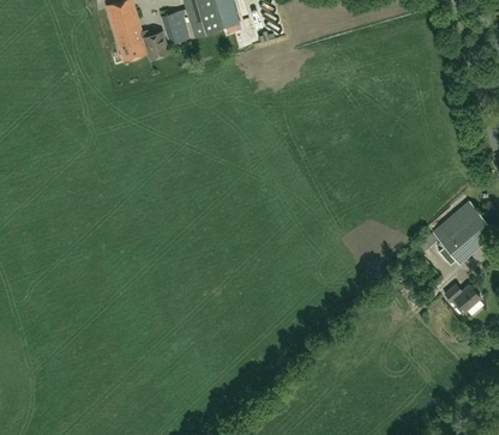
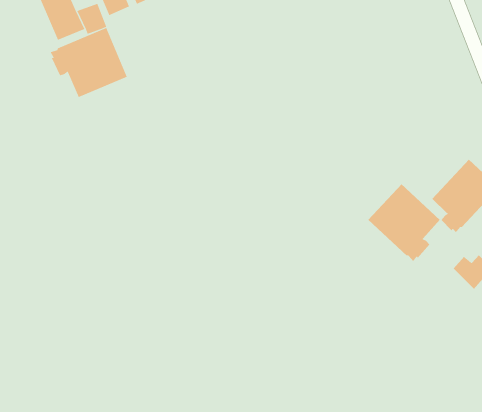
building: none -> [50,27,127,98]
building: none -> [368,184,441,262]

